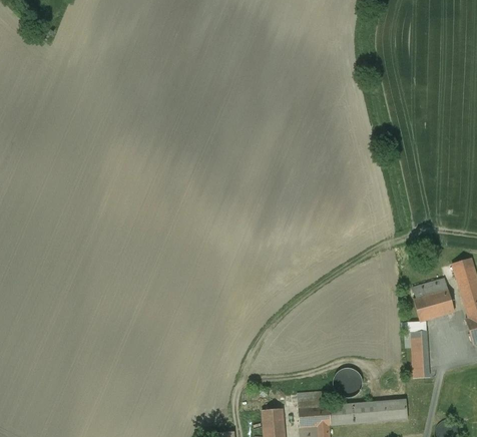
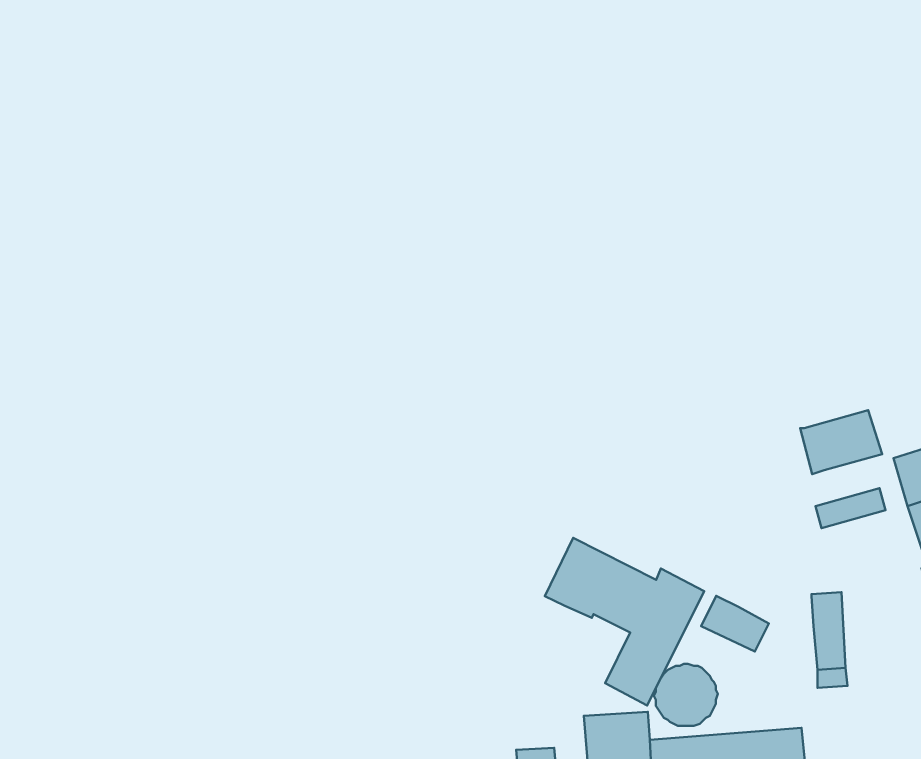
building: [414,290,455,322] -> [800,410,882,474]
building: none -> [545,538,704,705]
building: none -> [701,596,769,652]

